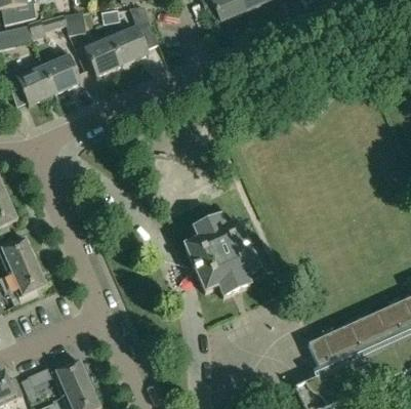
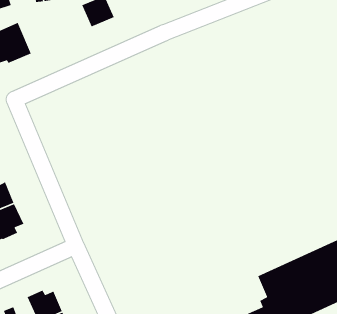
building: [84,38,121,75] -> none
building: [39,47,80,93] -> none
building: [183,216,259,297] -> none

